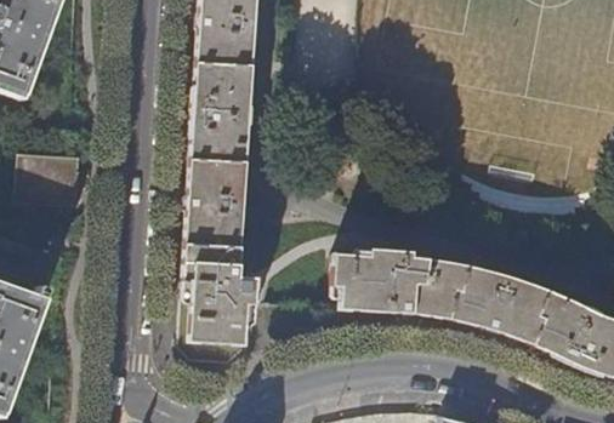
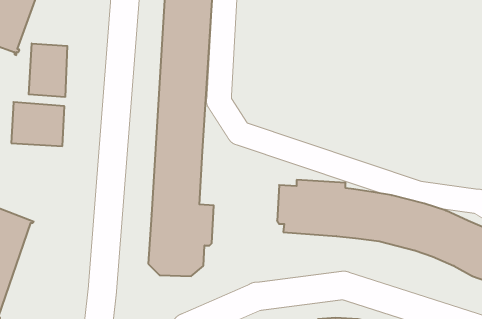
building: none -> [29,43,67,97]

